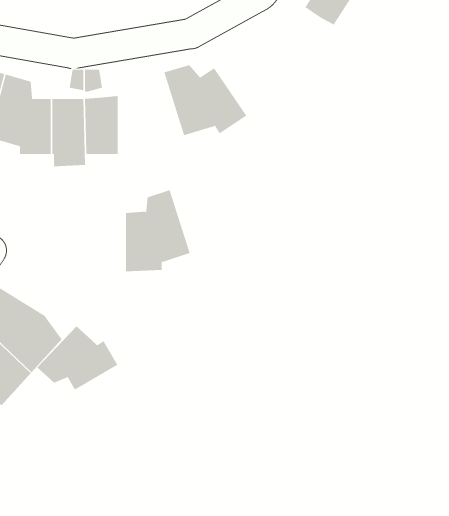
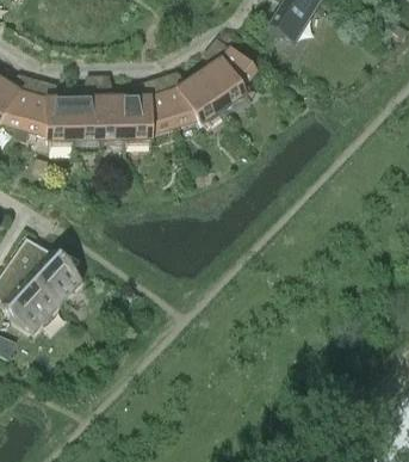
building: none -> [197,37,256,110]
building: [125,190,190,272] -> [123,76,173,140]
building: [37,325,118,390] -> none

